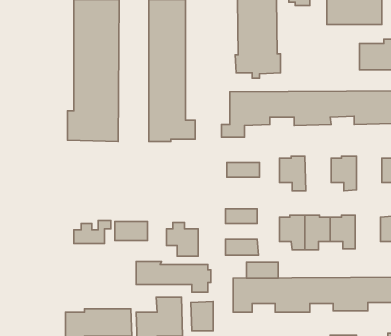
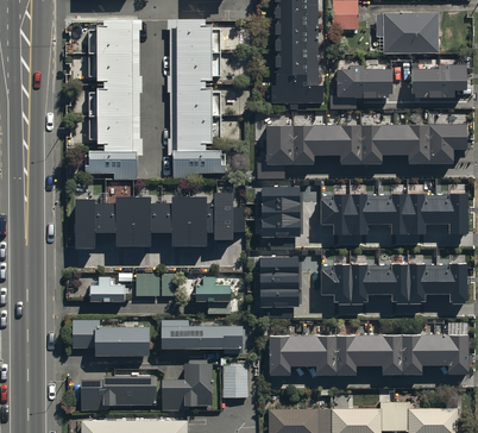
building: none -> [332,71,392,111]
building: none -> [263,188,300,206]
building: none -> [77,193,247,257]
building: none -> [351,199,380,238]
building: none -> [409,199,438,237]
building: none -> [263,222,300,240]
building: none -> [408,264,436,303]
building: none -> [73,318,149,351]
building: [246,262,278,278] -> [262,275,297,293]

